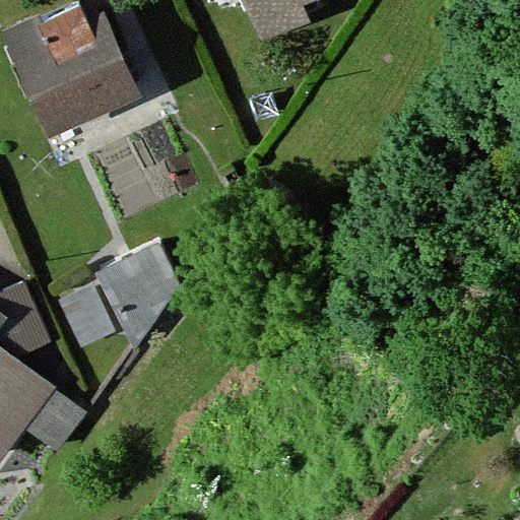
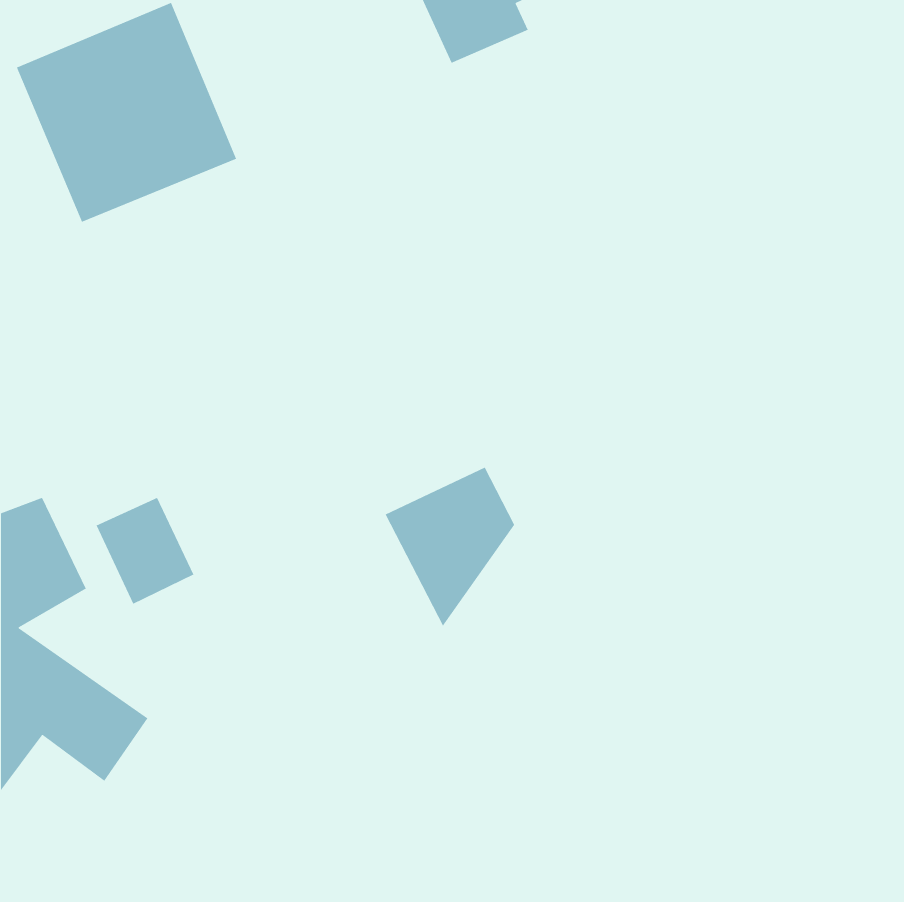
building: [101,250,176,342] -> [384,466,515,627]

